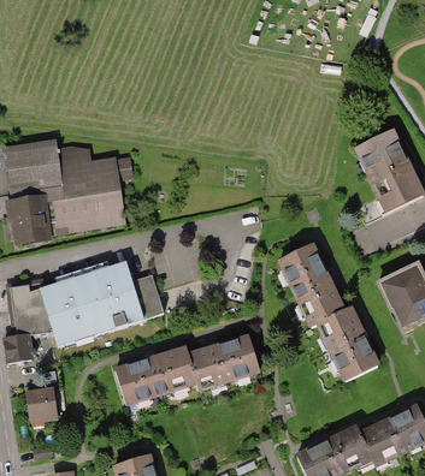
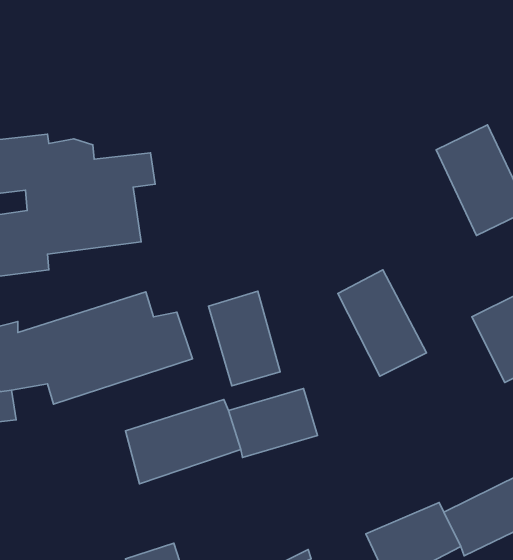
building: none -> [209,291,280,386]
building: [308,304,383,389] -> none
building: [25,387,57,421] -> none

